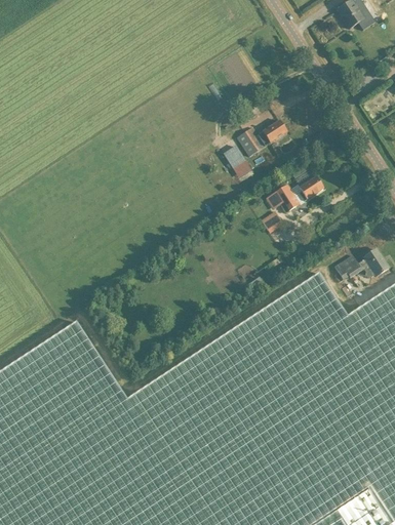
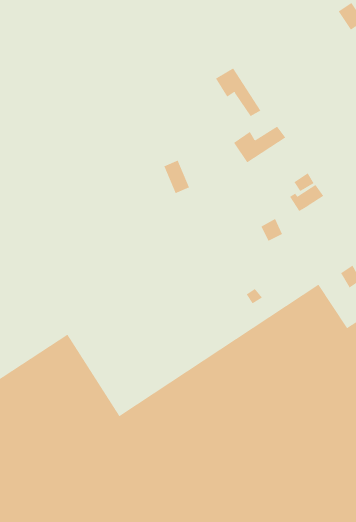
building: none -> [215,67,261,117]
building: [225,146,250,178] -> [163,160,190,194]
building: [273,186,300,214] -> none

